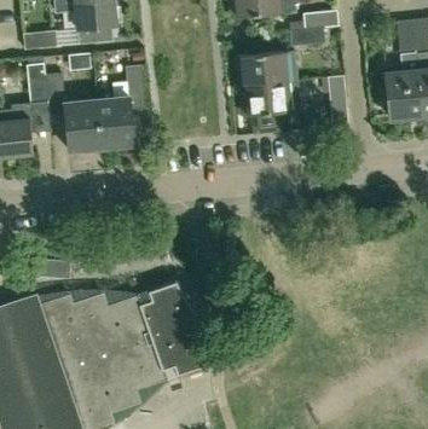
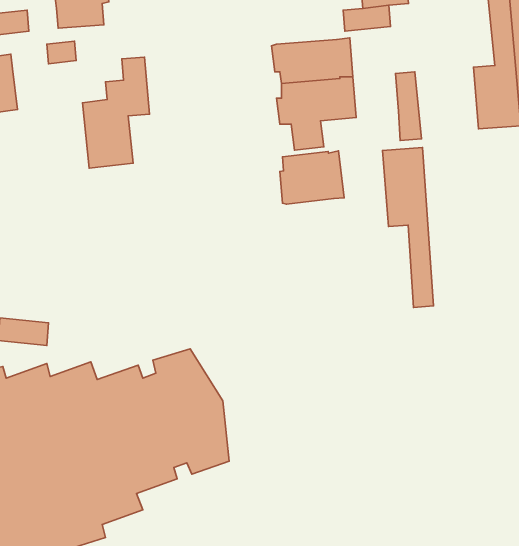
building: [44,73,100,151] -> none
building: none -> [382,147,433,307]
building: none -> [280,151,344,204]

